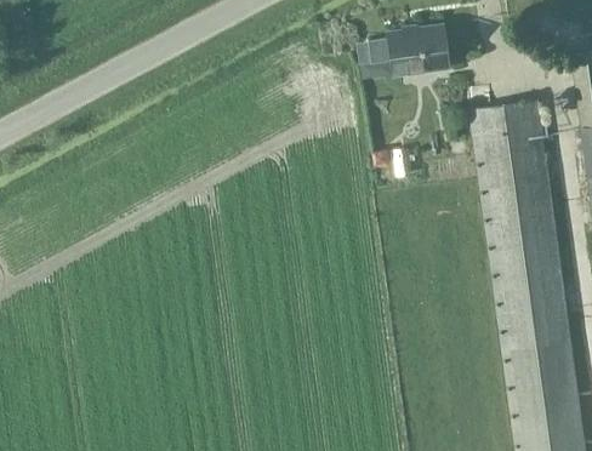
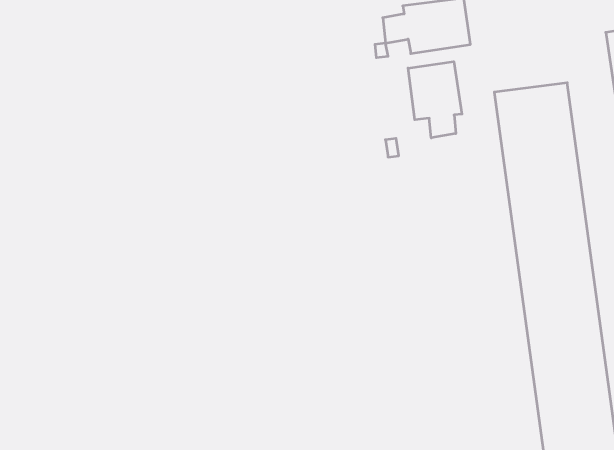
building: none -> [408,62,462,138]

